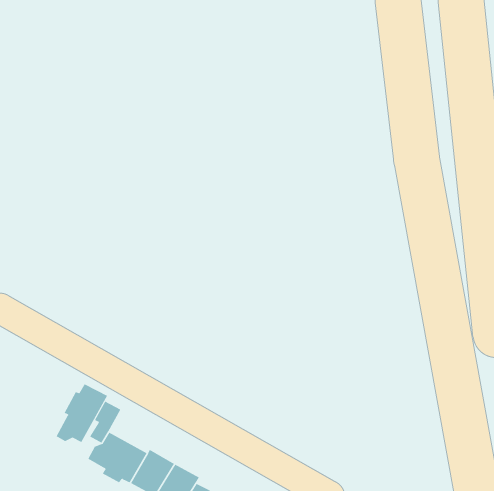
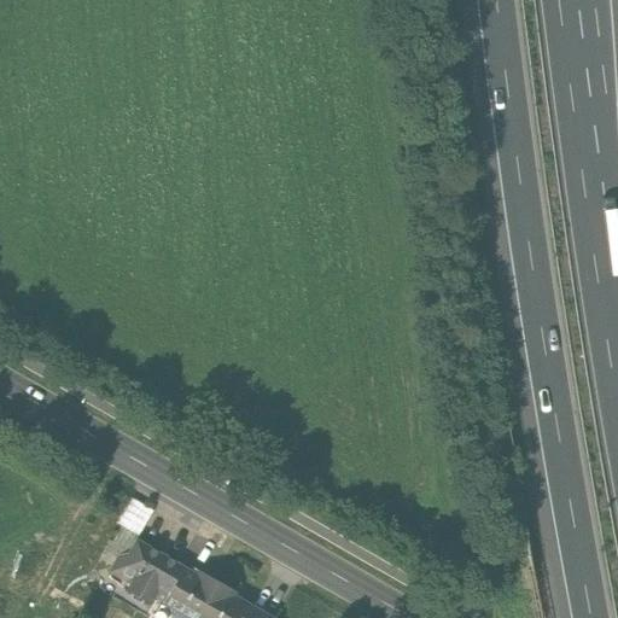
building: [56,383,108,443] -> none

